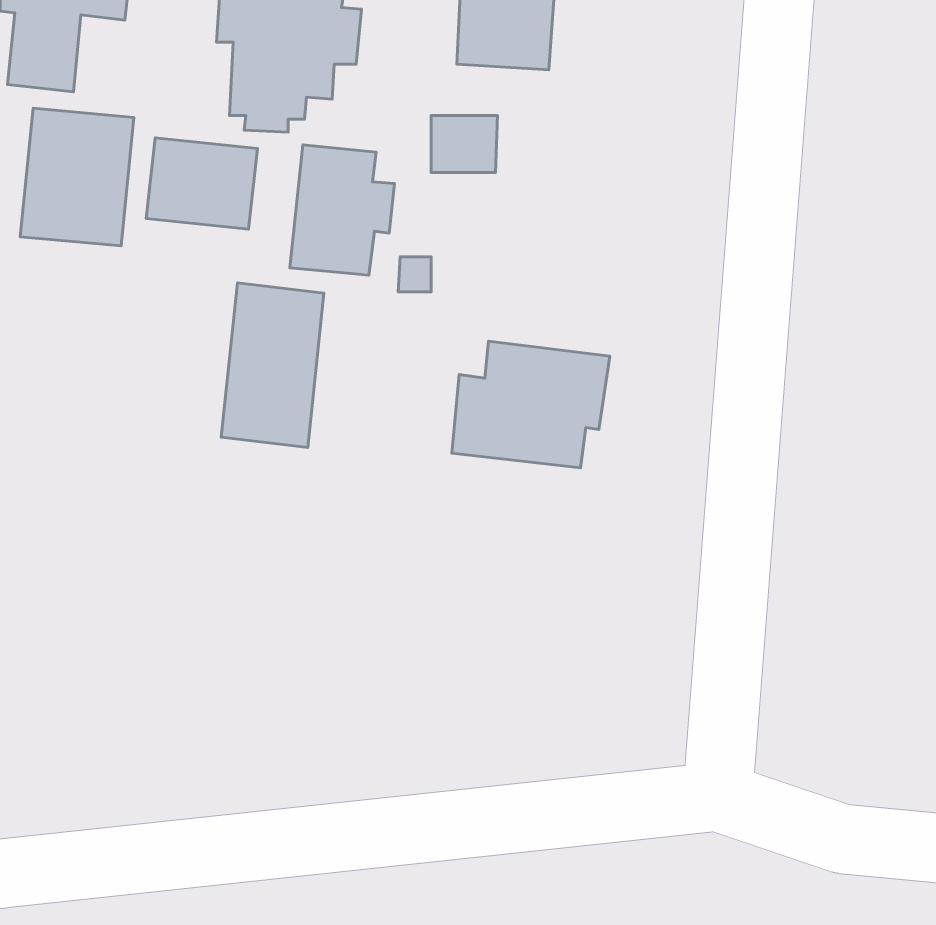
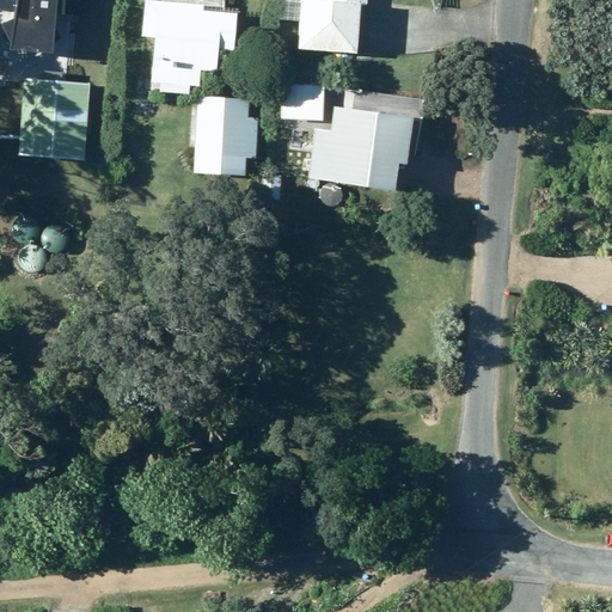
building: [146,138,258,229] -> none
building: [221,283,324,447] -> none
building: [452,341,610,468] -> [310,111,412,194]

